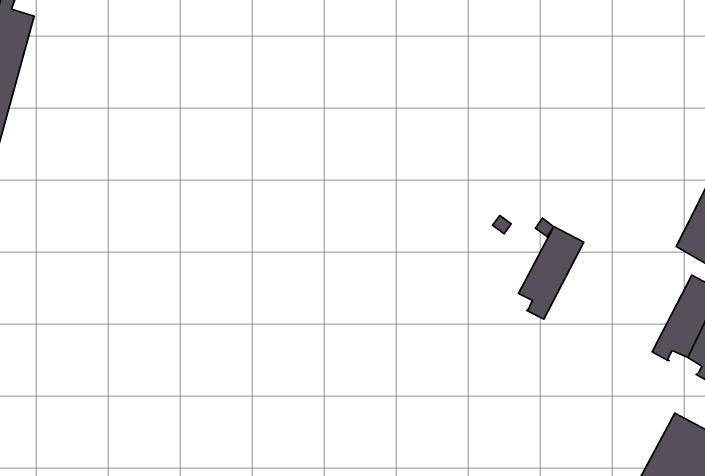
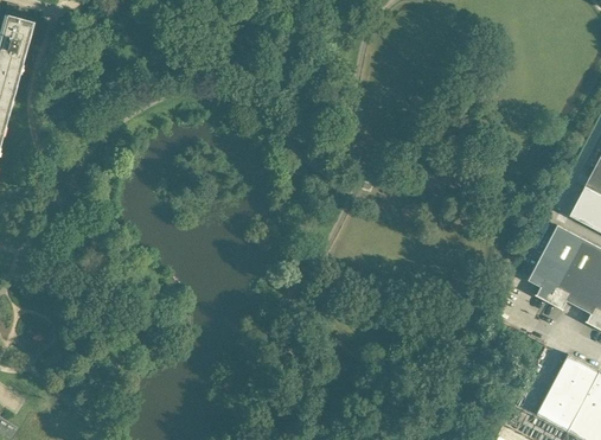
building: [518,227,584,319] -> [528,225,582,302]

